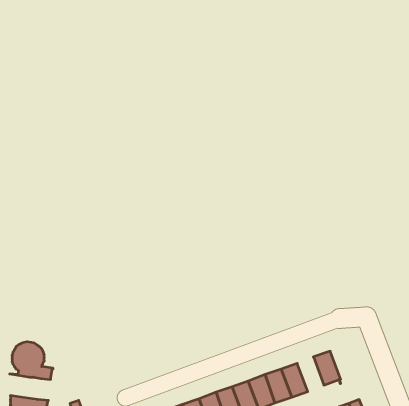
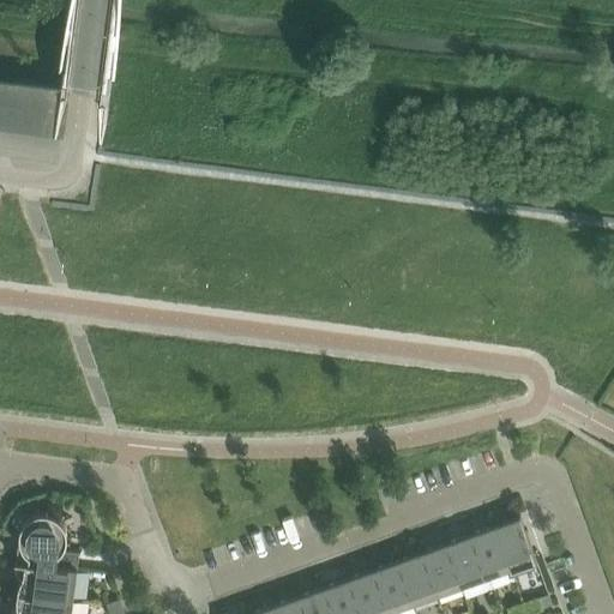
building: none -> [493,522,536,579]
building: none -> [444,540,483,591]
building: none -> [13,565,76,604]

